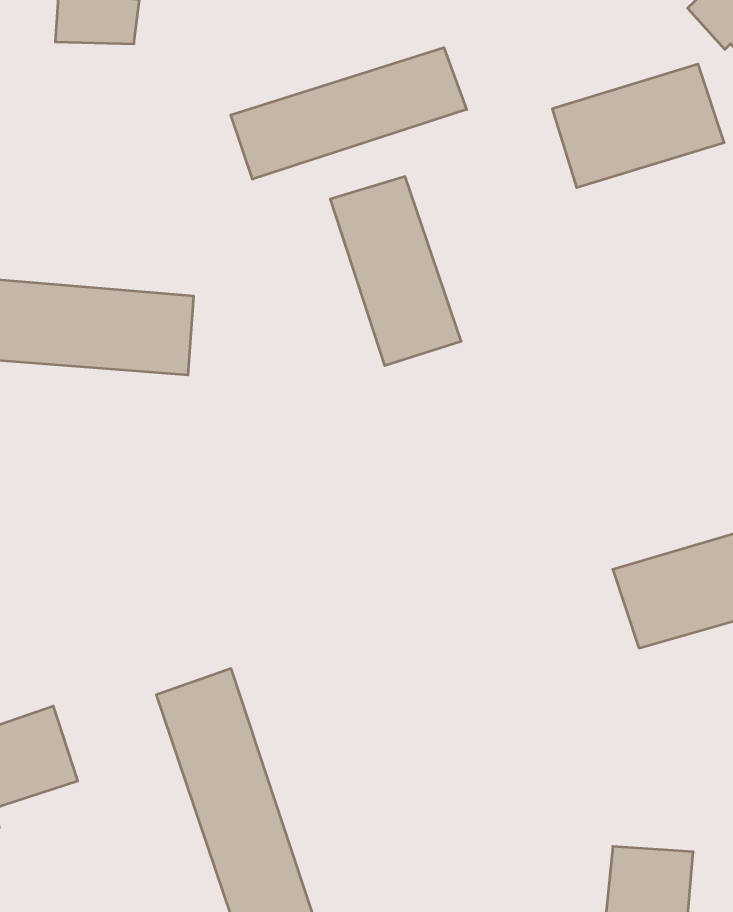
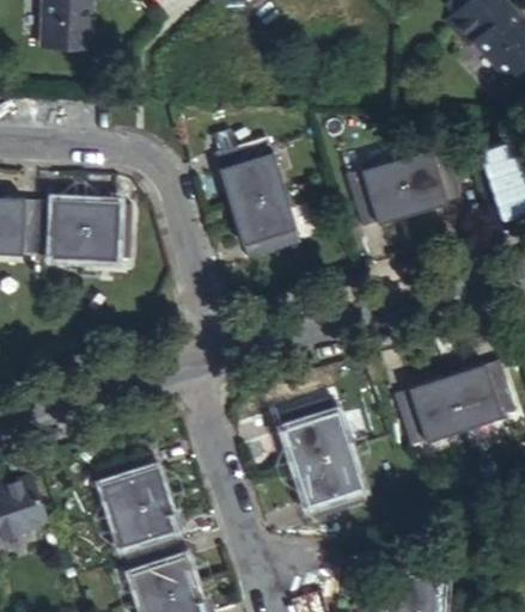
building: [231,48,467,179] -> none
building: [552,64,724,188] -> [352,148,462,227]
building: none -> [283,399,366,525]

